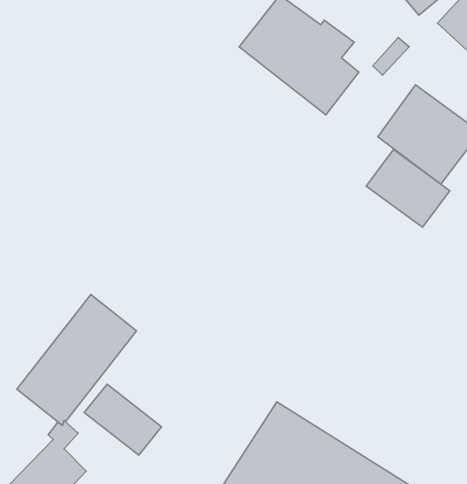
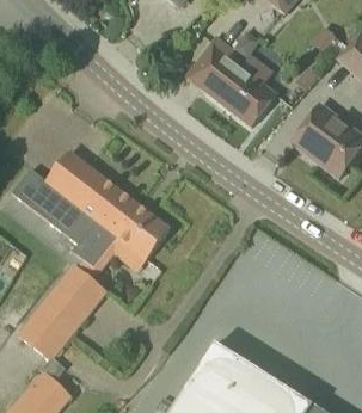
building: none -> [12,152,170,267]
building: [366,150,450,227] -> none
building: [84,384,162,455] -> none

